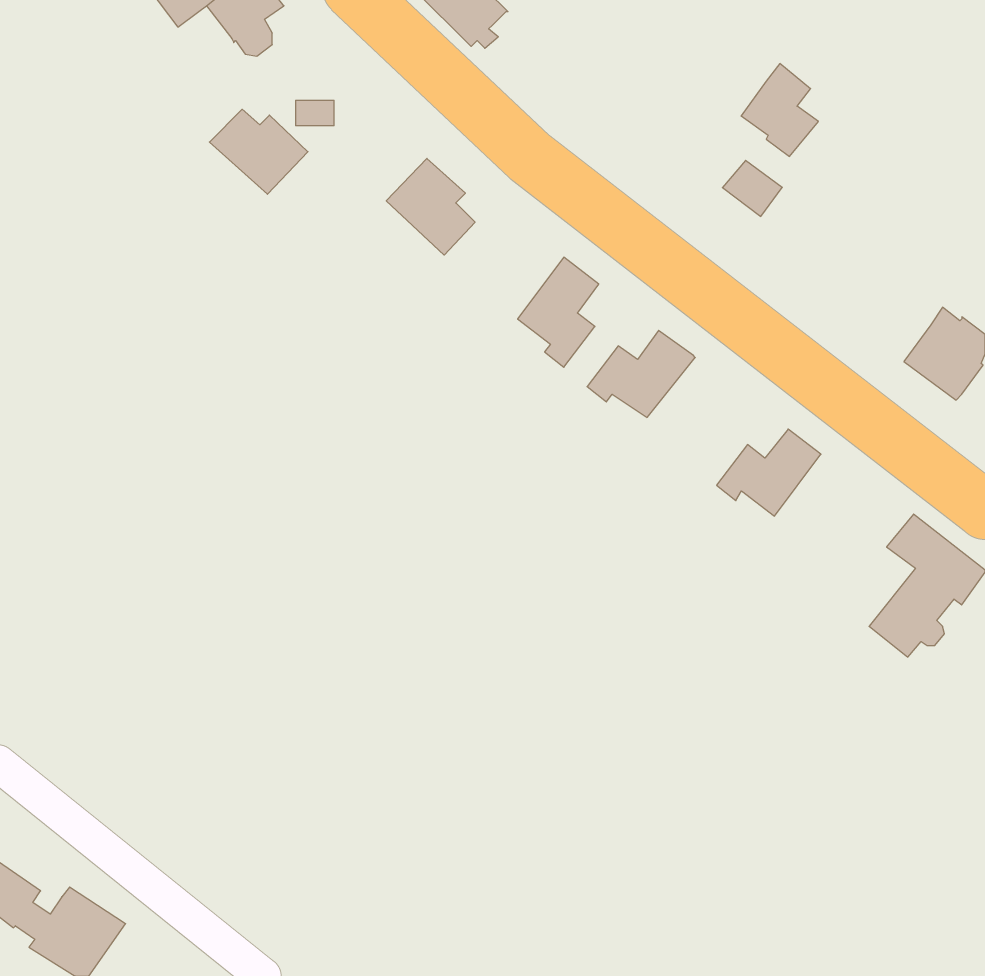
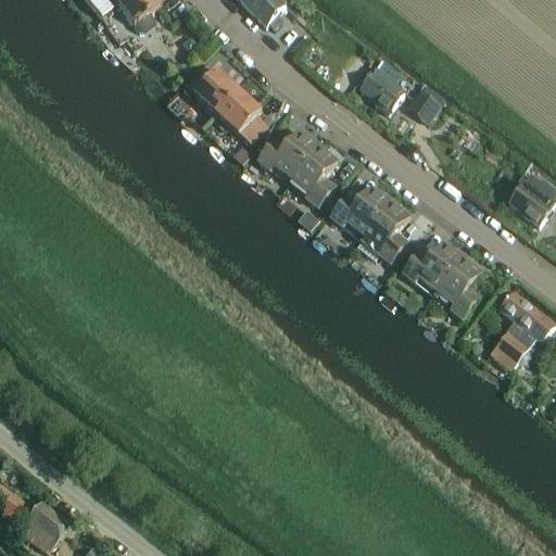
building: [741,64,818,156] -> [359,60,403,112]
building: [209,109,308,194] -> [185,65,240,113]
building: none -> [257,130,317,179]
building: none -> [359,201,409,263]
building: none -> [435,255,481,317]

